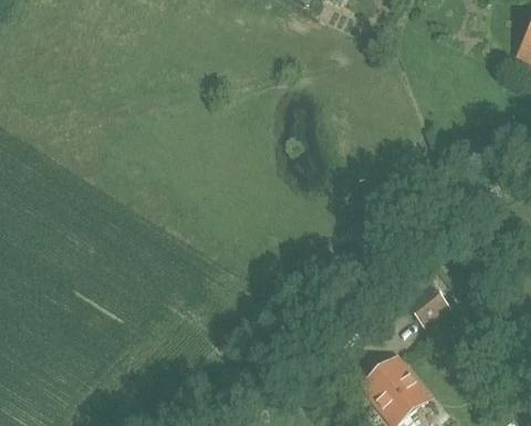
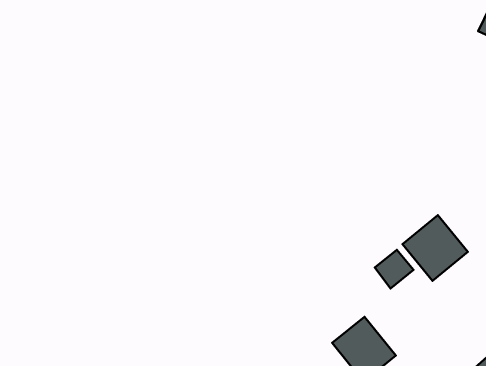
building: none -> [402,215,468,281]

